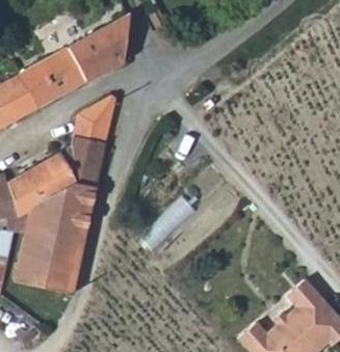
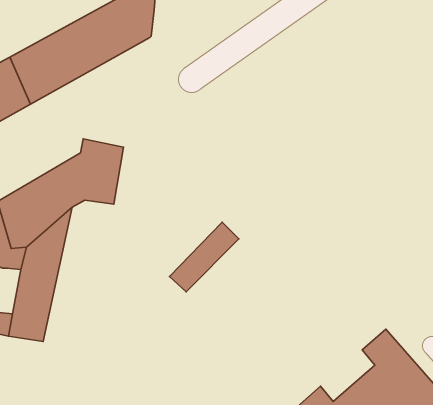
building: [75,96,114,141] -> none
building: [45,181,98,292] -> none

